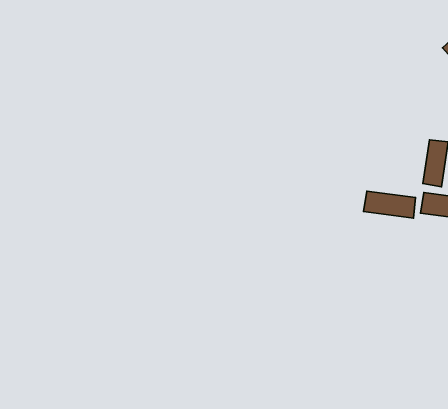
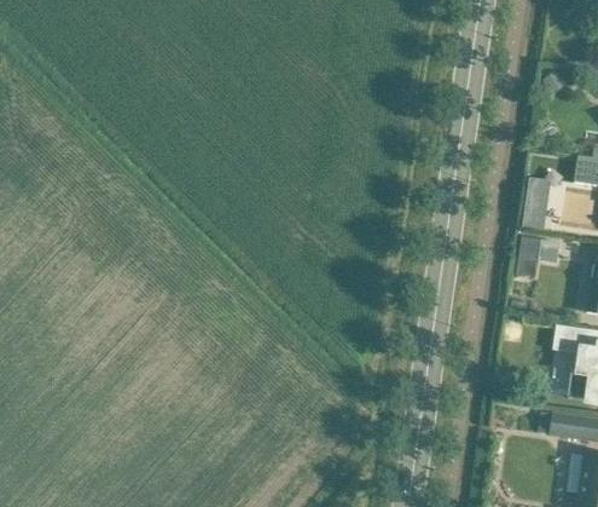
building: [363,191,416,218] -> none

